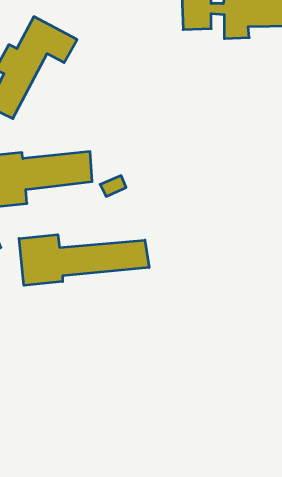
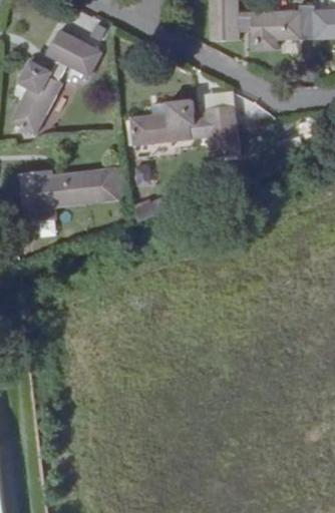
building: none -> [130,95,239,153]
building: [19,235,149,285] -> none

